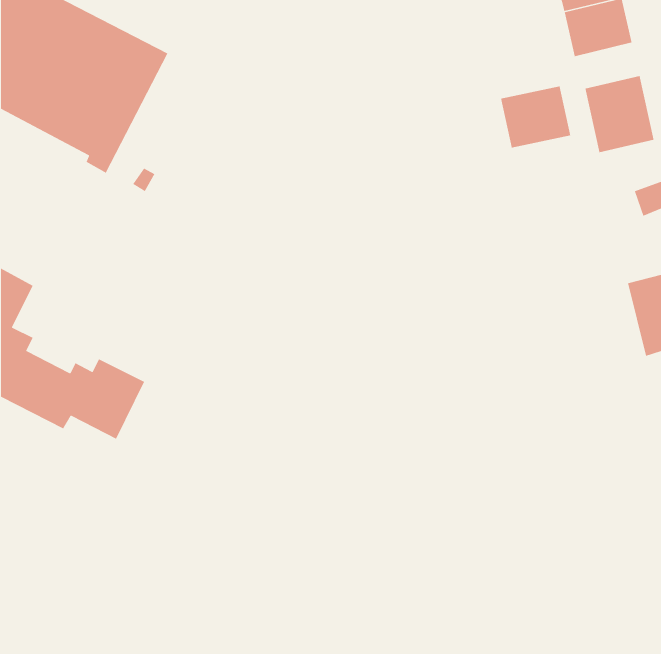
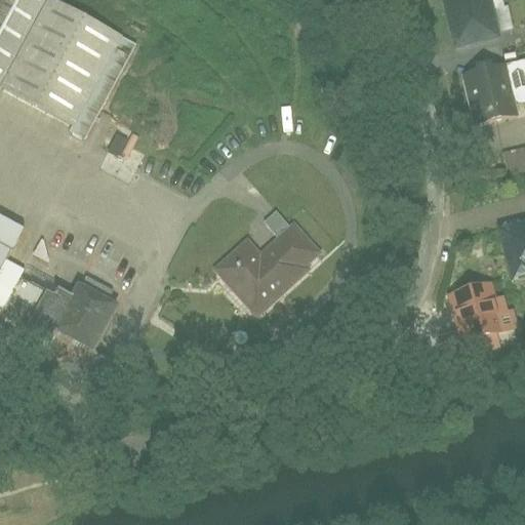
building: [500,86,571,149] -> none
building: none -> [209,217,324,318]
building: none -> [449,282,499,337]

